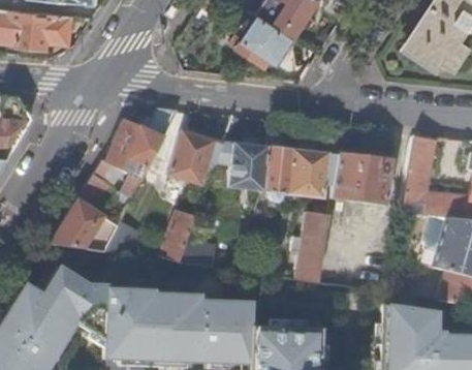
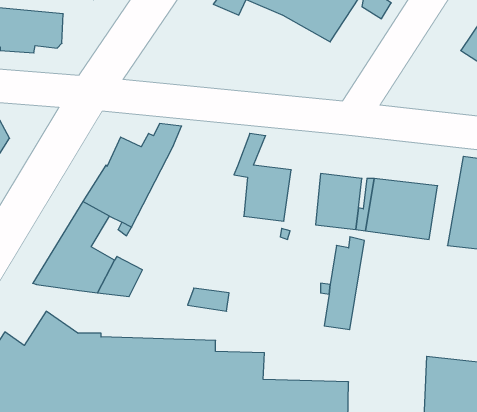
building: [233,16,300,65] -> none
building: [166,130,221,186] -> none
building: [260,147,291,201] -> none
building: [158,210,195,261] -> none

